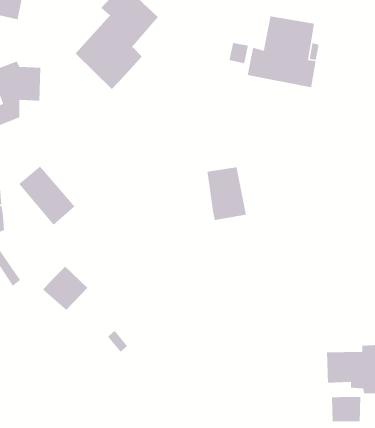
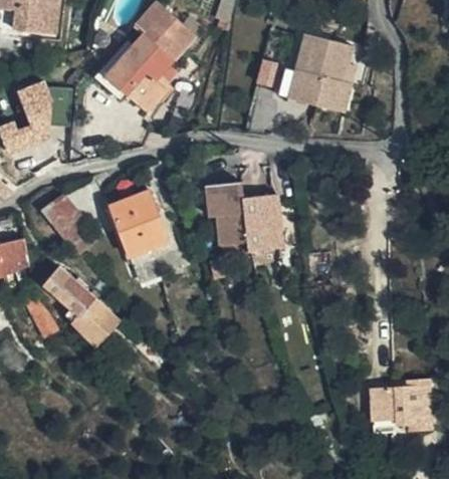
building: none -> [201,183,247,246]
building: none -> [111,189,177,264]
building: none -> [41,262,94,313]
building: [331,396,361,422] -> none

